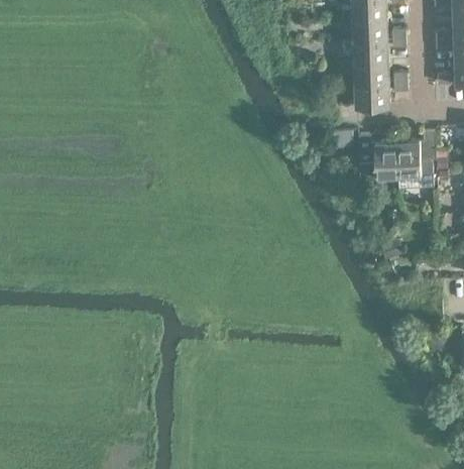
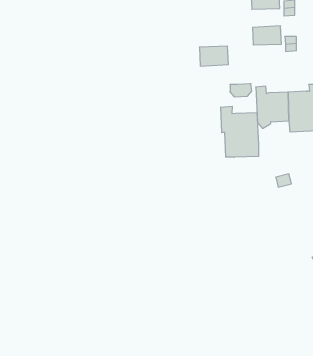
building: [353,39,388,63] -> none
building: [355,83,390,107] -> [199,46,228,66]
building: none -> [221,106,259,157]

